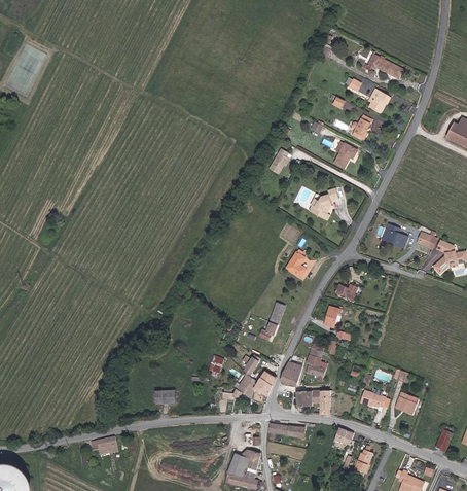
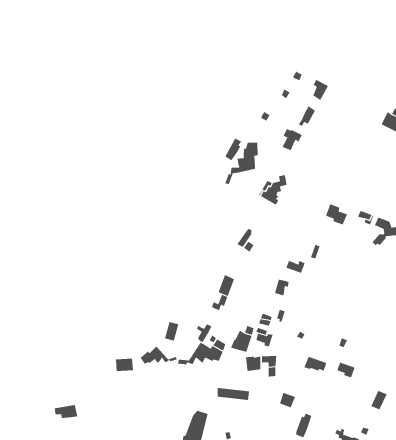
building: [365,52,402,77] -> none
building: none -> [224,142,258,185]
building: none -> [140,346,178,364]

